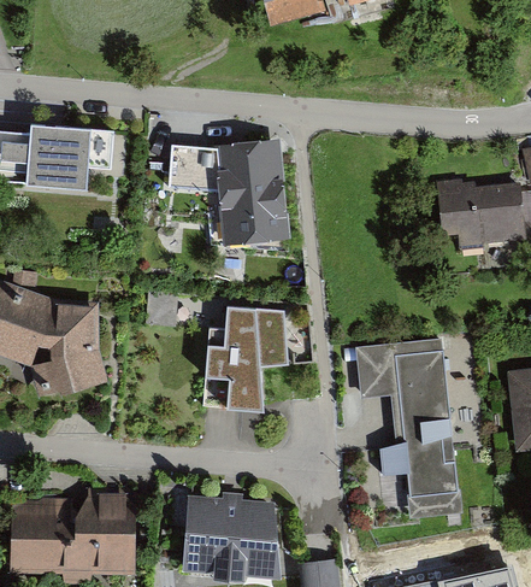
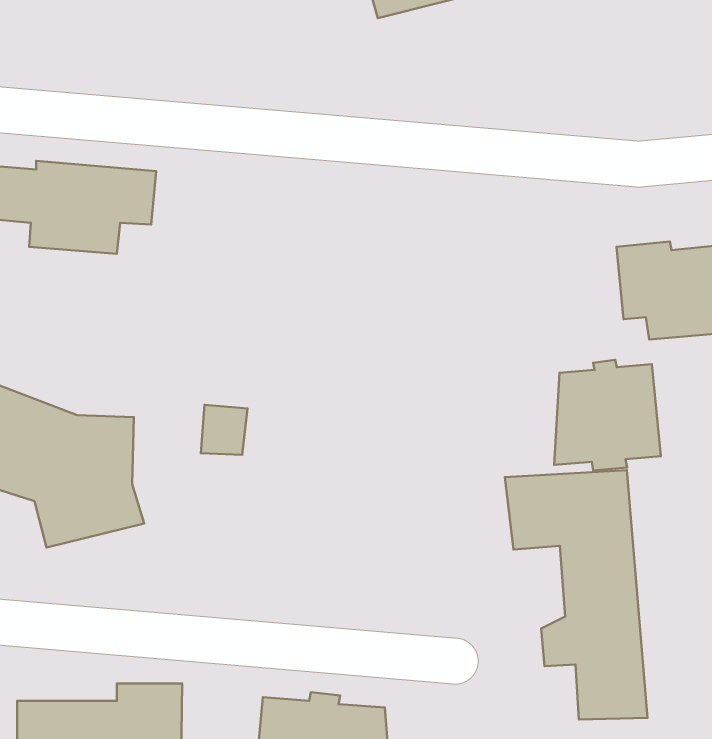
building: [169,147,289,251] -> none
building: none -> [554,360,661,470]
building: [205,303,295,412] -> none

